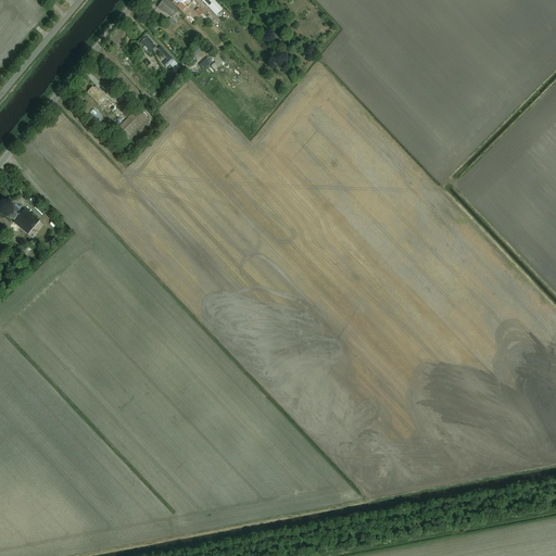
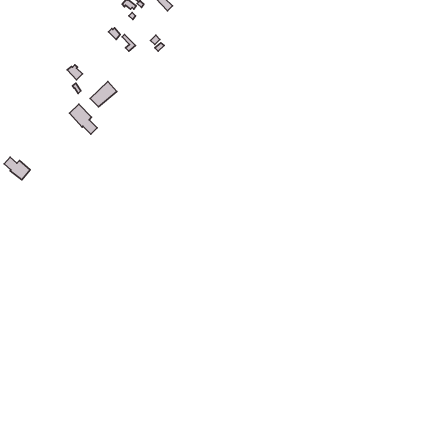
building: none -> [69,104,97,134]

